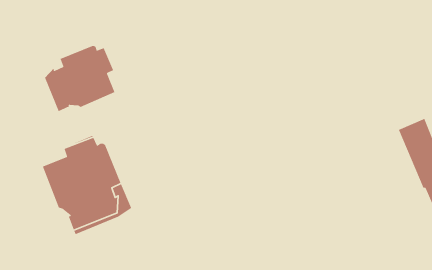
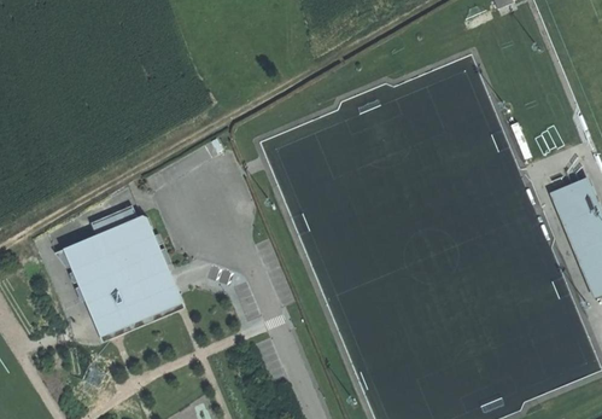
building: [44,45,116,112] -> none

